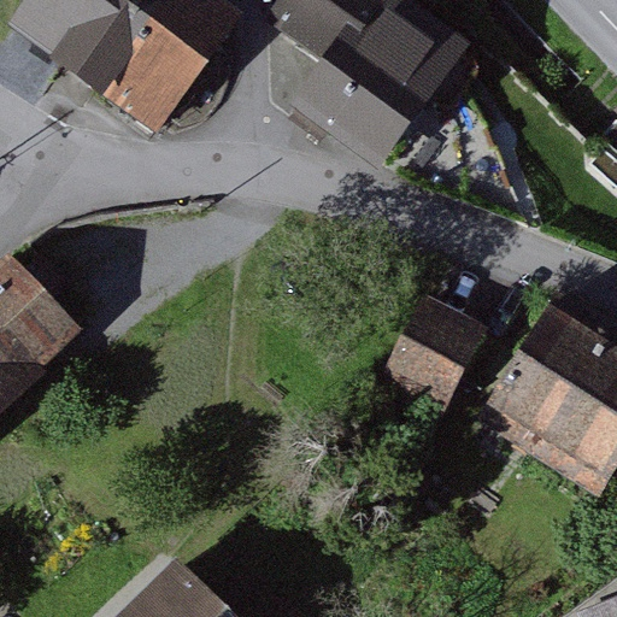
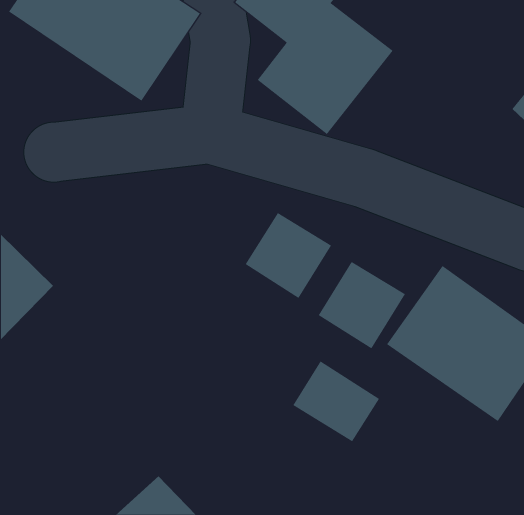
building: none -> [245,212,332,299]
building: none -> [292,361,380,442]

